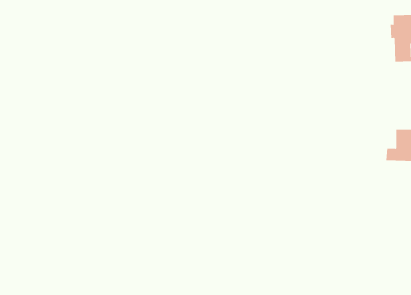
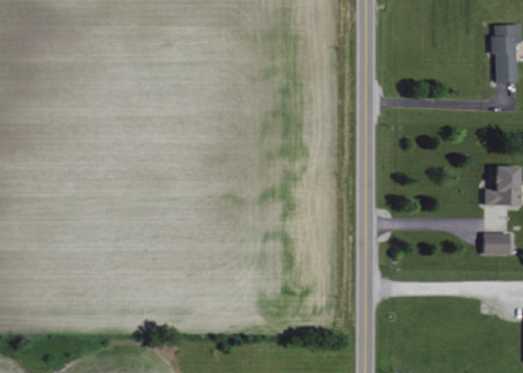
building: none -> [484,232,511,254]

